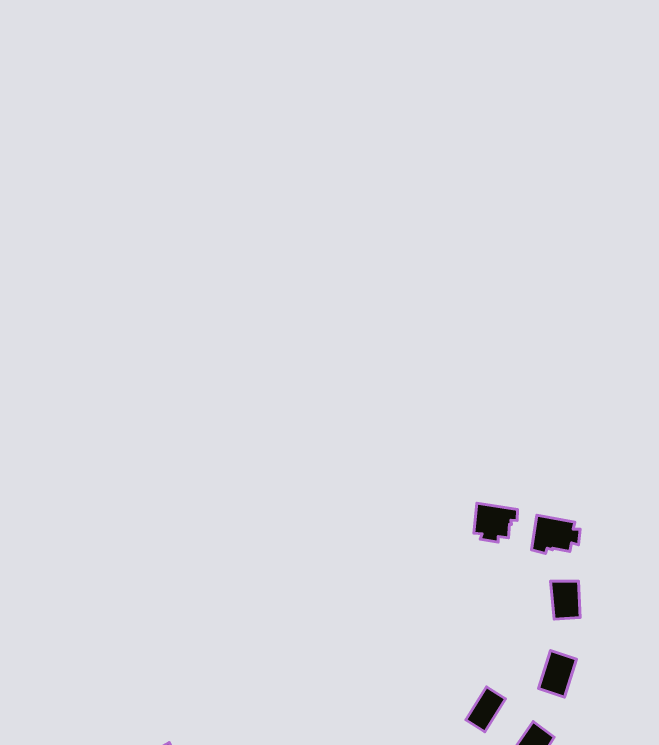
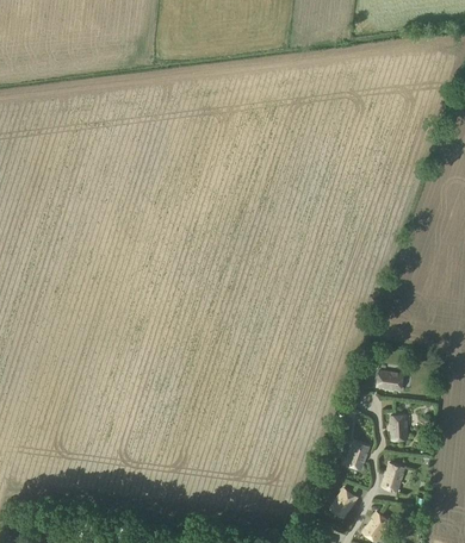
building: [474,503,517,542] -> none
building: none -> [345,438,371,470]

